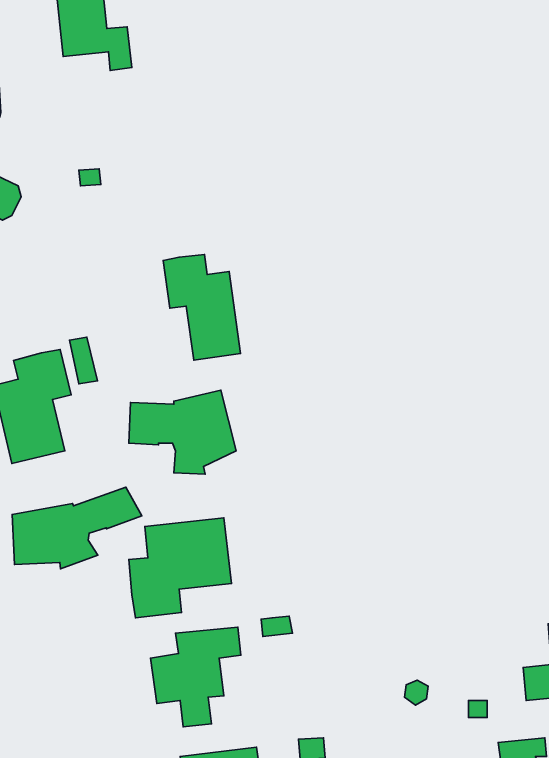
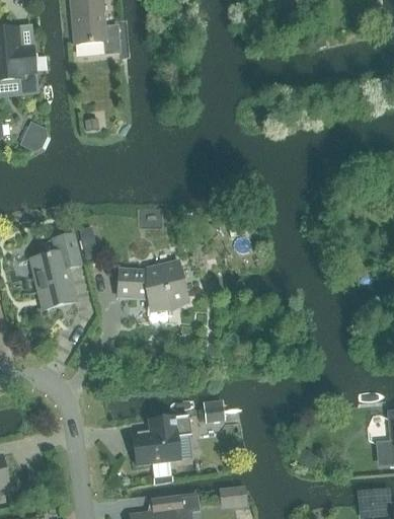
building: [163,255,241,360] -> none
building: [12,487,142,569] -> none
building: [129,518,231,618] -> none

